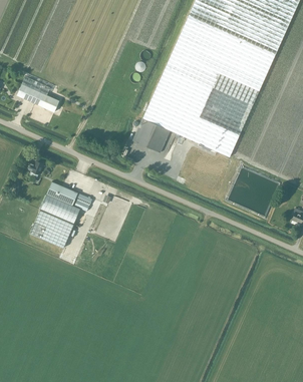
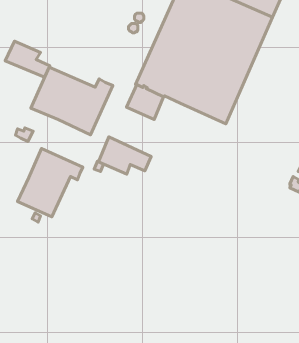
building: none -> [31,67,113,135]
building: none -> [99,137,151,174]

